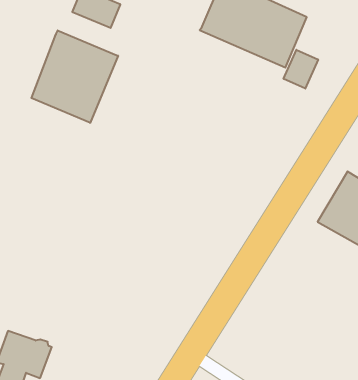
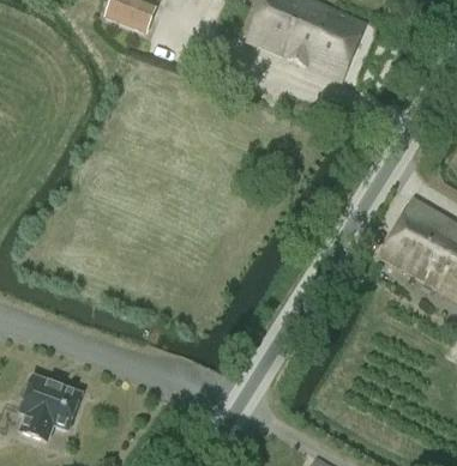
building: [31,30,118,123] -> none
building: [284,50,318,89] -> none

